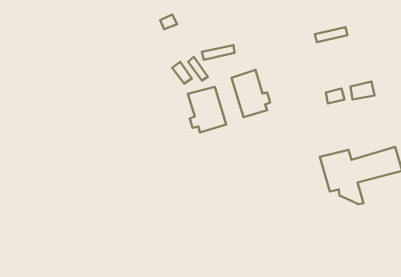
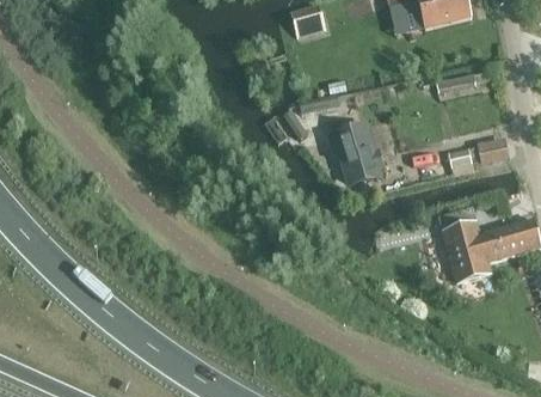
building: [188,87,226,132] -> none

